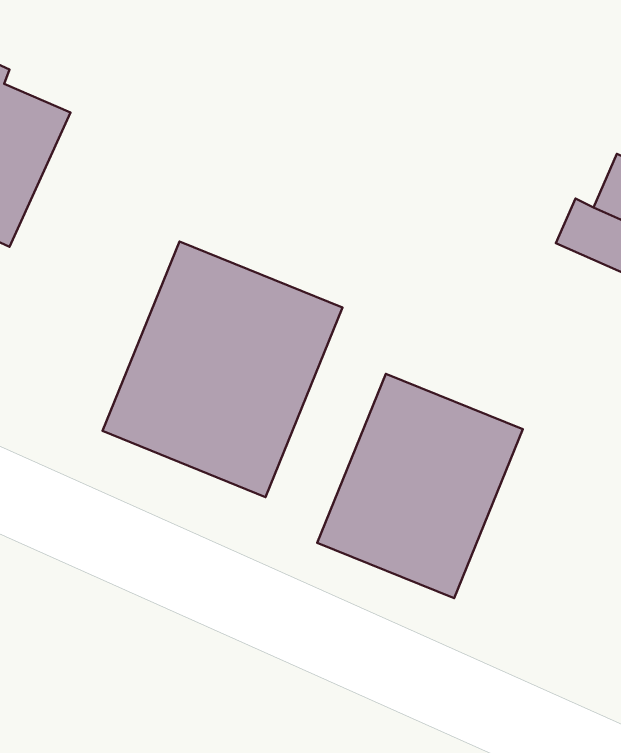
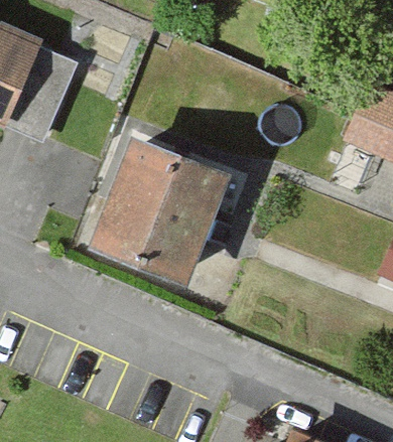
building: [317,374,523,598] -> none

